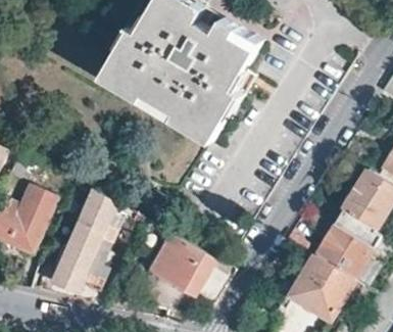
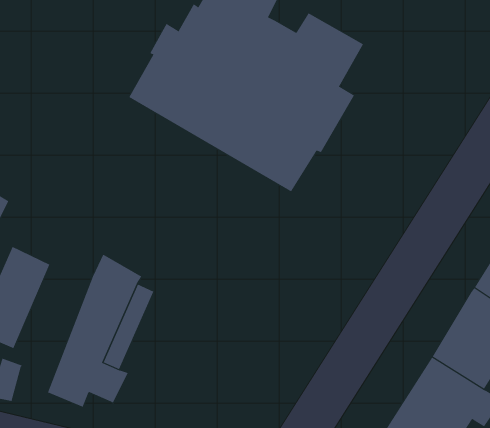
building: [147,232,217,295] -> none

